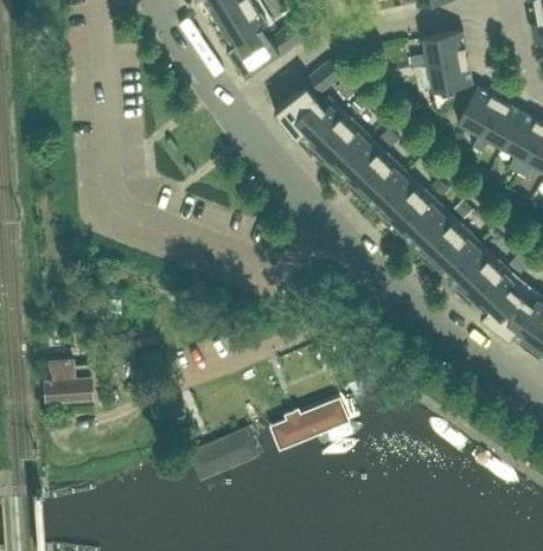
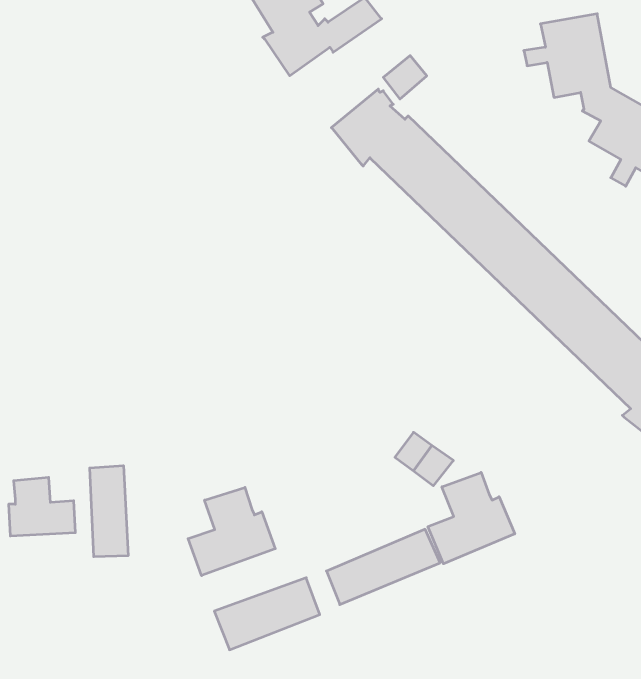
building: none -> [90,466,128,557]
building: none -> [428,472,515,564]
building: none -> [188,487,275,576]

